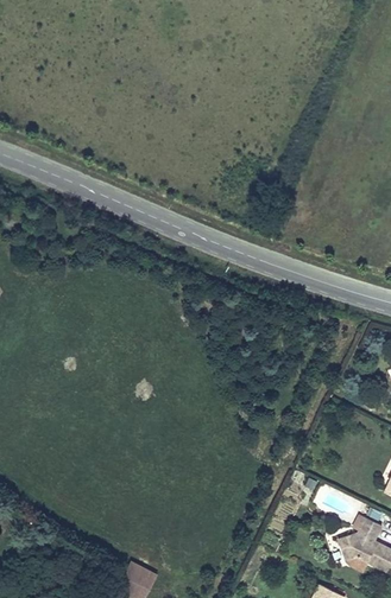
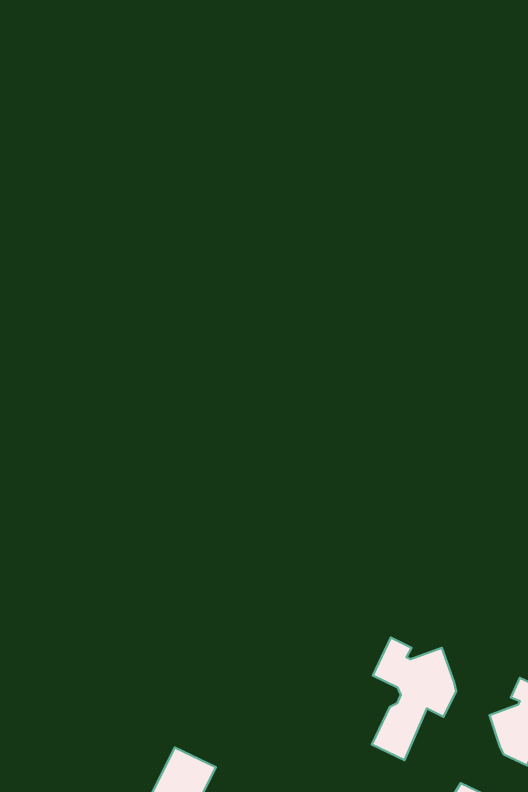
building: none -> [372,638,456,760]

